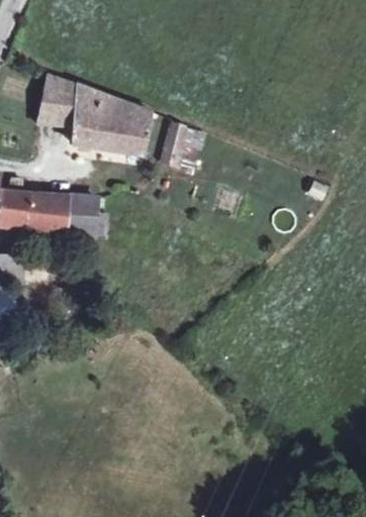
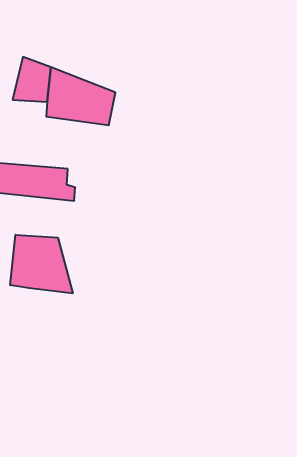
building: [161,125,189,166] -> none
building: none -> [10,235,73,293]

